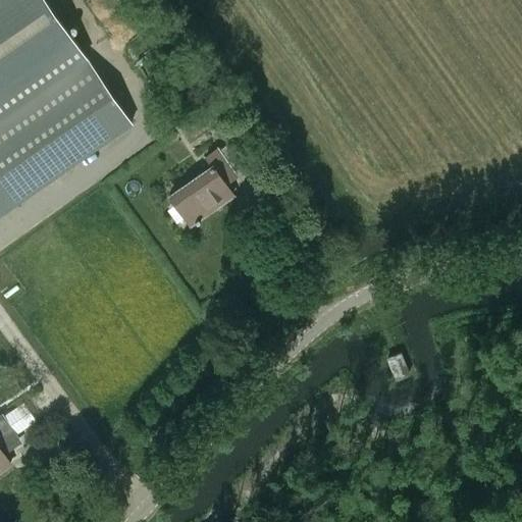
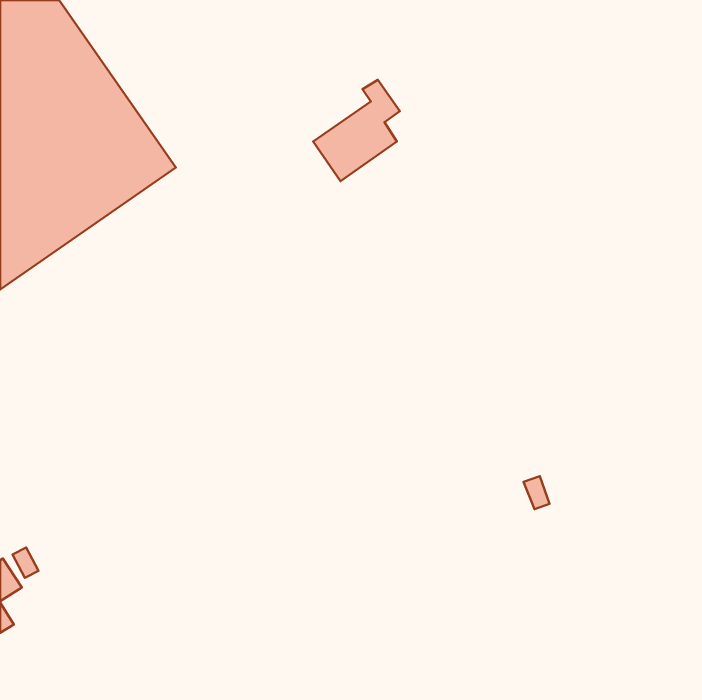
building: [170,150,234,225] -> [313,80,400,181]

